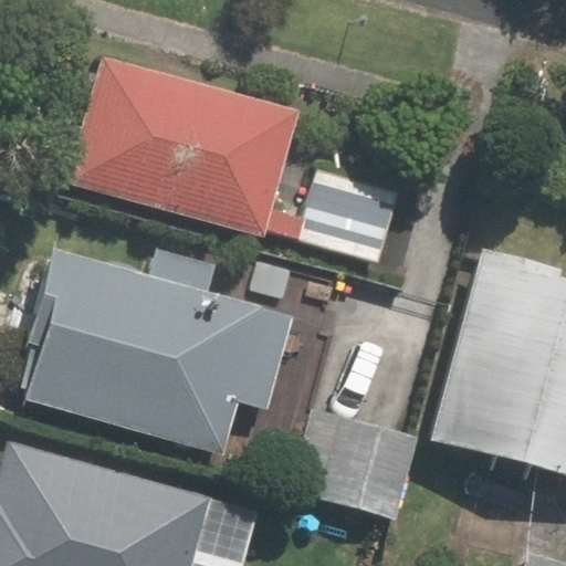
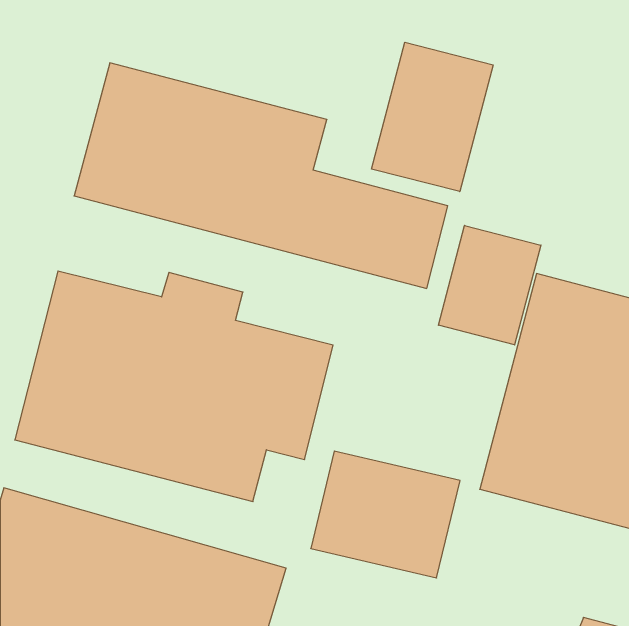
building: none -> [372,42,493,192]
building: none -> [438,225,541,345]

